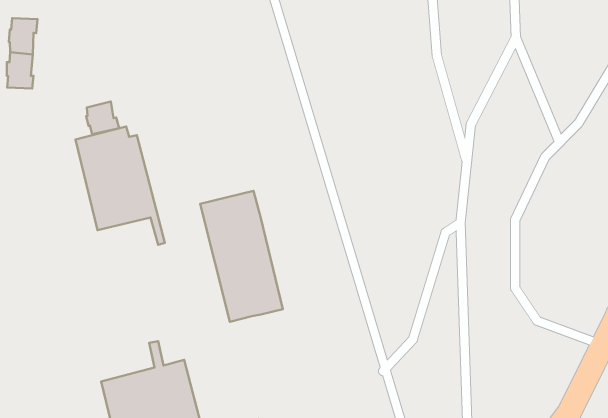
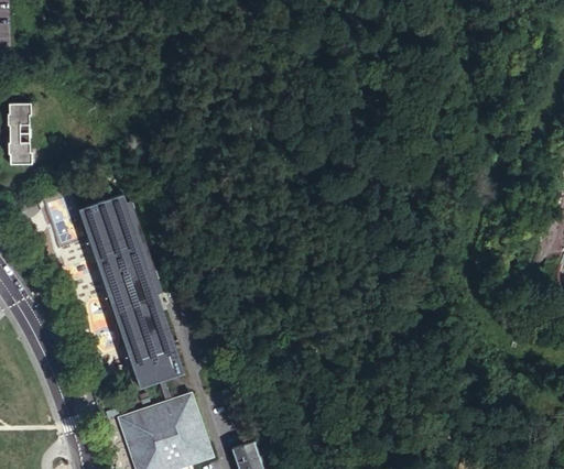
building: [86,101,119,134] -> none
building: [200,191,283,322] -> [104,272,184,388]

